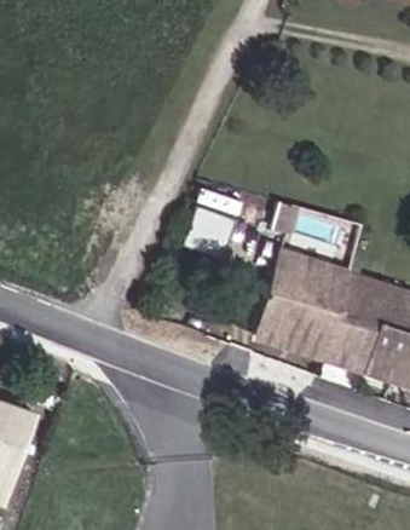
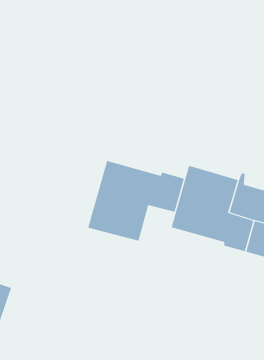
building: none -> [88,160,185,242]

